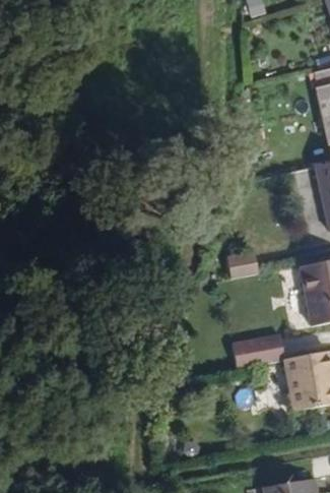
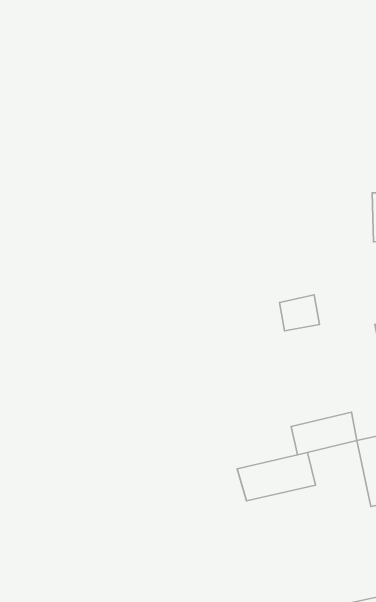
building: none -> [237,452,315,501]

